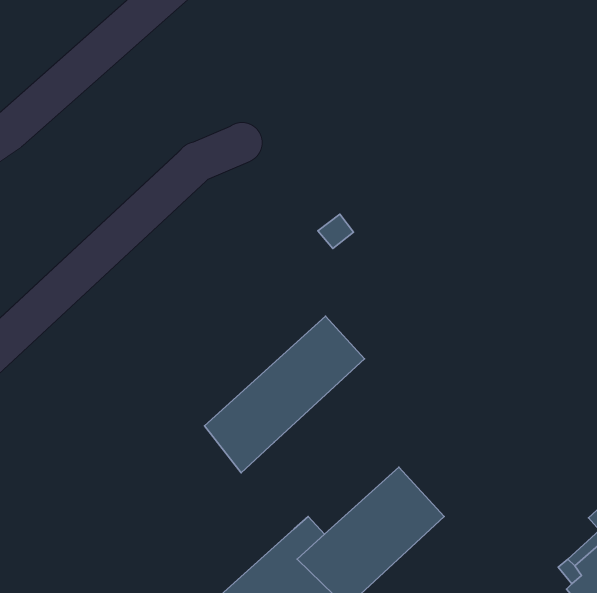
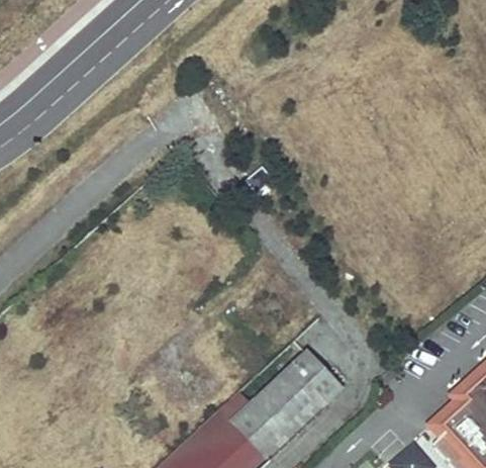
building: [205,316,364,473] -> none

